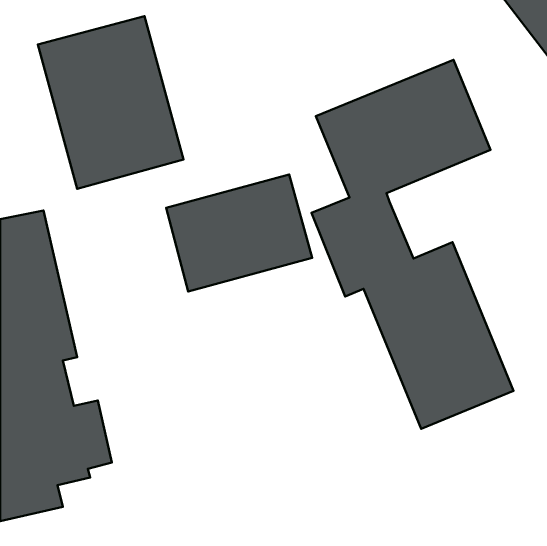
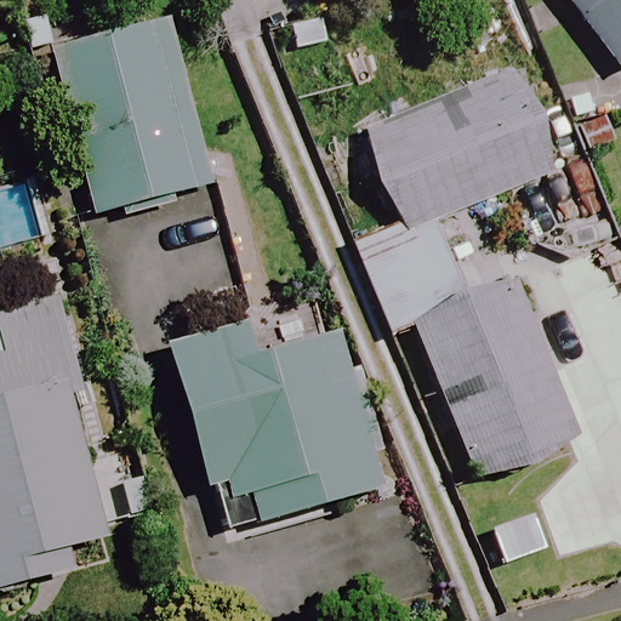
building: [166,175,312,291] -> none
building: none -> [172,321,378,528]

